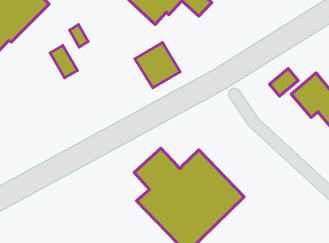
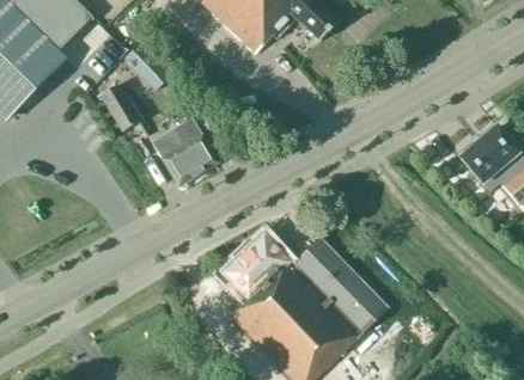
building: [135,43,180,88] -> [152,118,219,185]
building: [269,68,298,96] -> none

